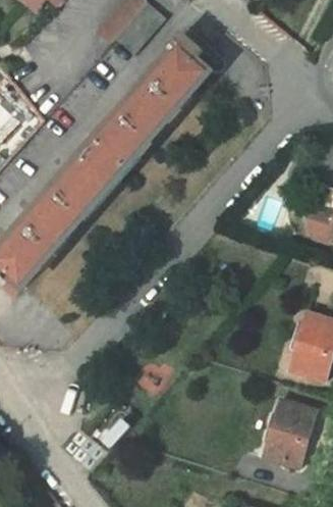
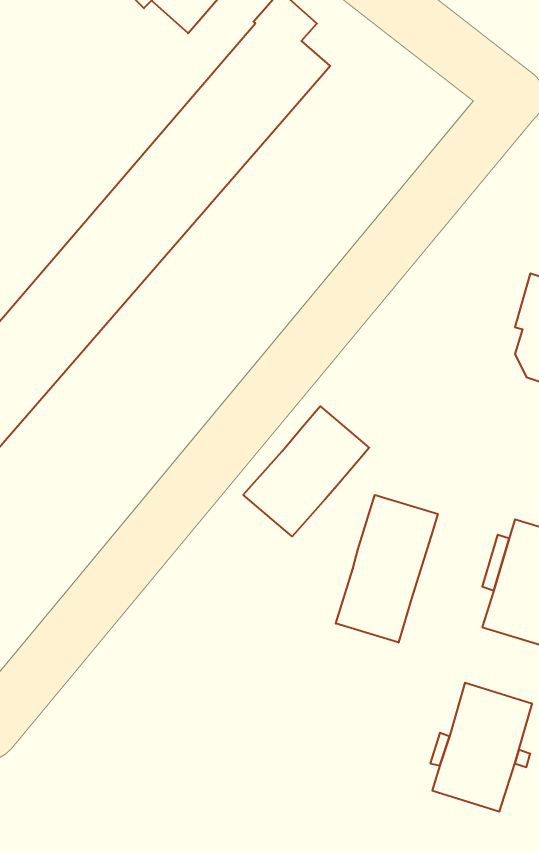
building: none -> [243,406,369,536]
building: none -> [336,495,438,643]

